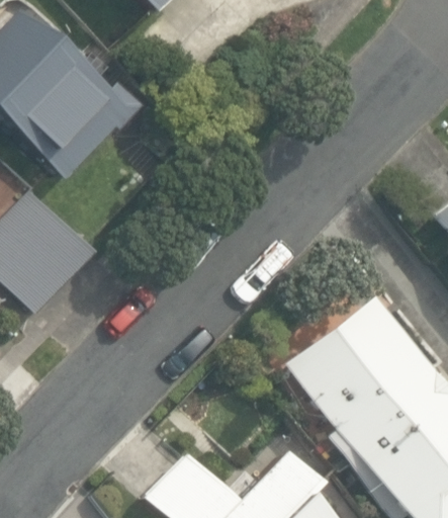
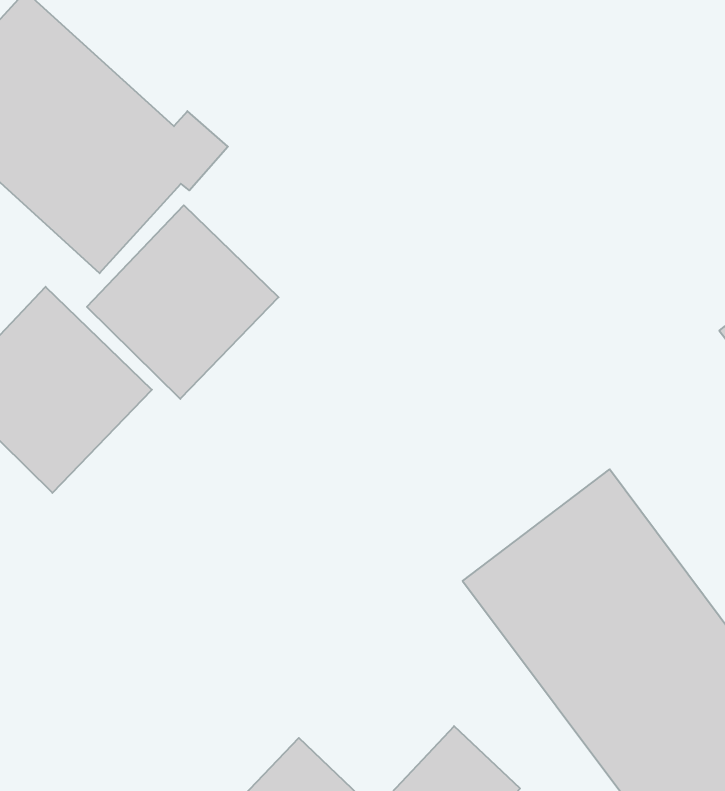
building: none -> [87,205,279,399]

